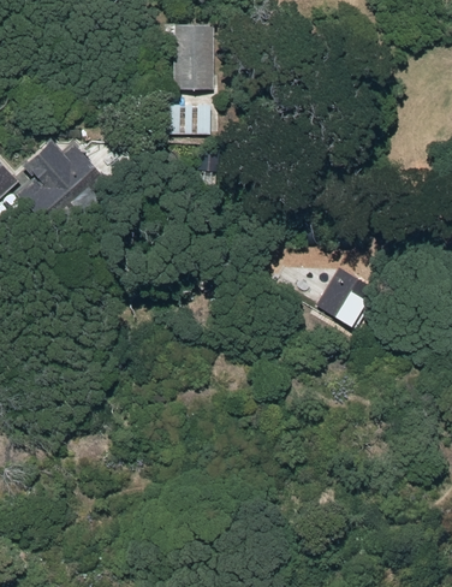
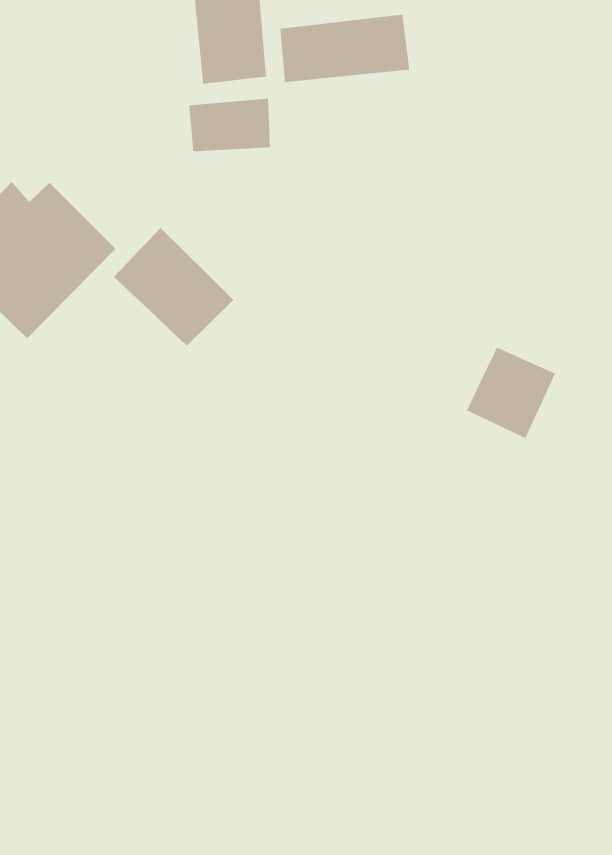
building: none -> [280,14,410,83]
building: none -> [113,227,234,347]

